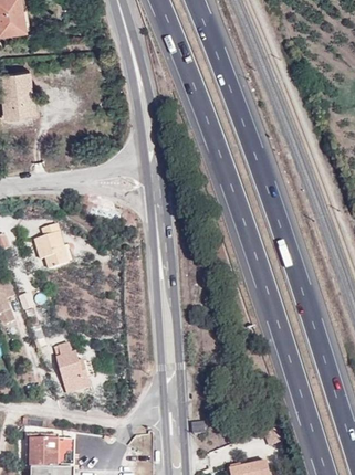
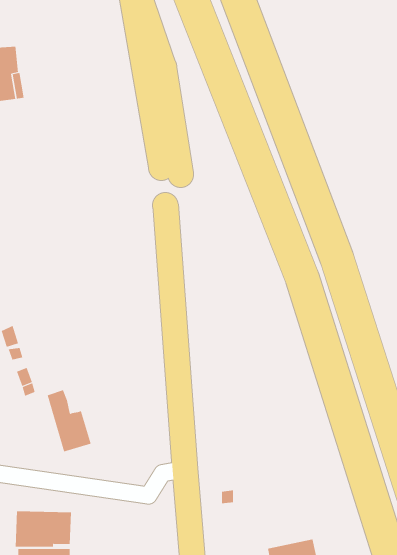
building: [33,222,67,267] -> none

